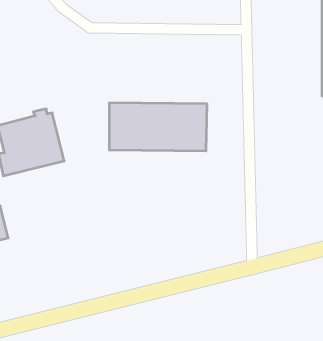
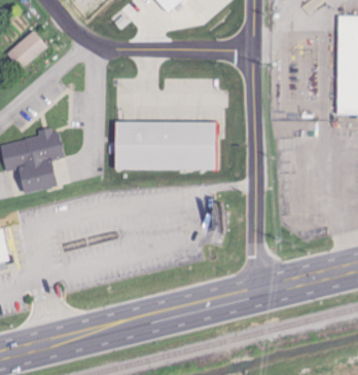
building: none -> [8,31,47,69]

